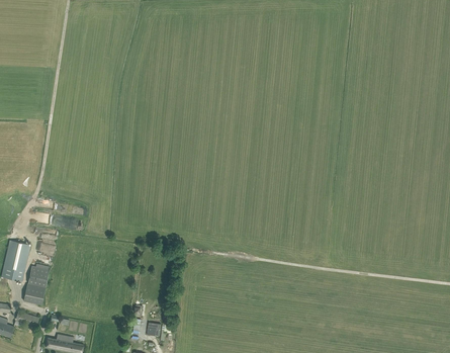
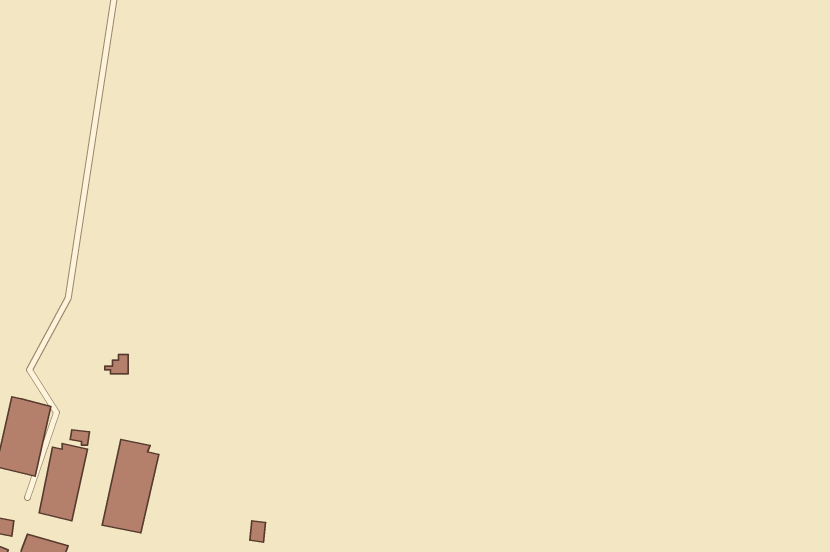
building: none -> [102,440,159,533]

